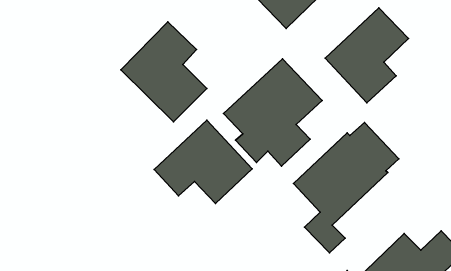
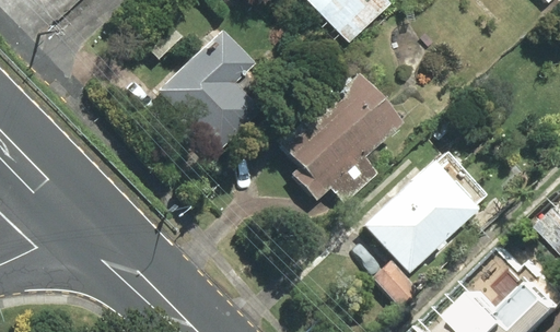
building: [325,8,408,103] -> none
building: [154,120,252,203] -> none

